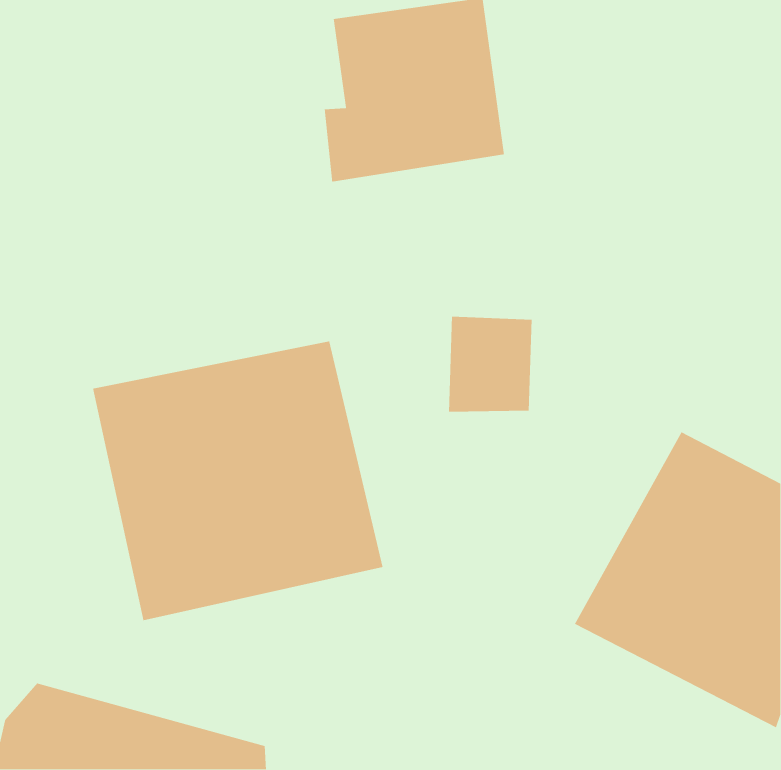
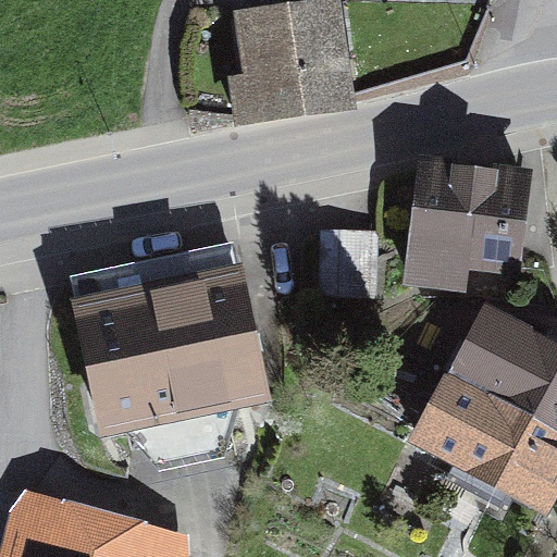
building: none -> [407,161,533,290]

